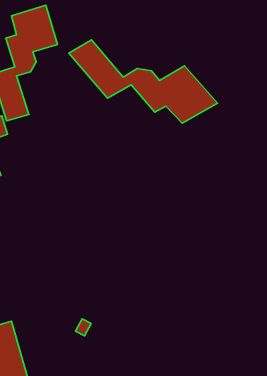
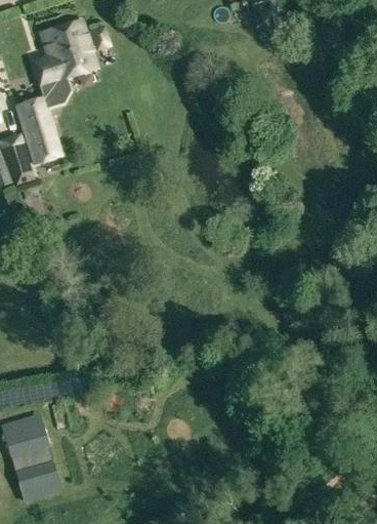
building: [69,40,218,123] -> none

